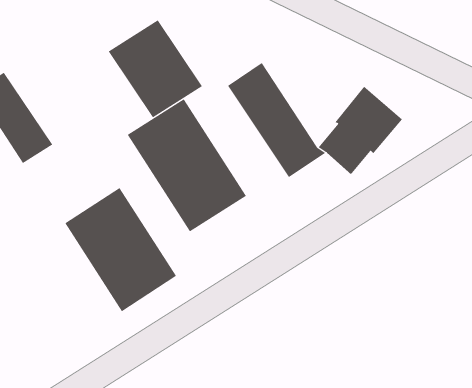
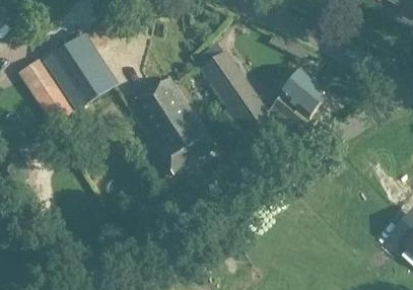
building: [108,19,203,118] -> [46,34,115,106]
building: [64,187,177,312] -> none

